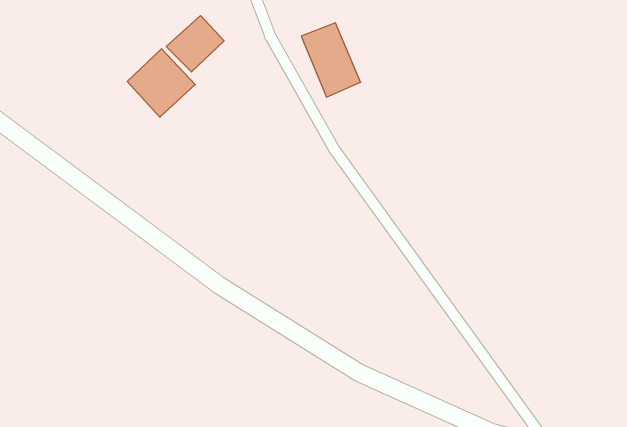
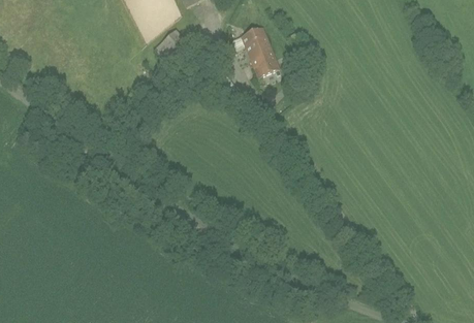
building: [127,49,195,117] -> none

